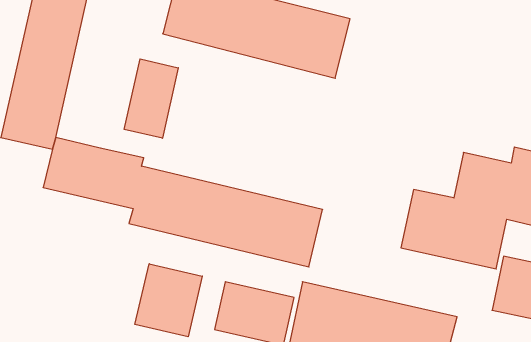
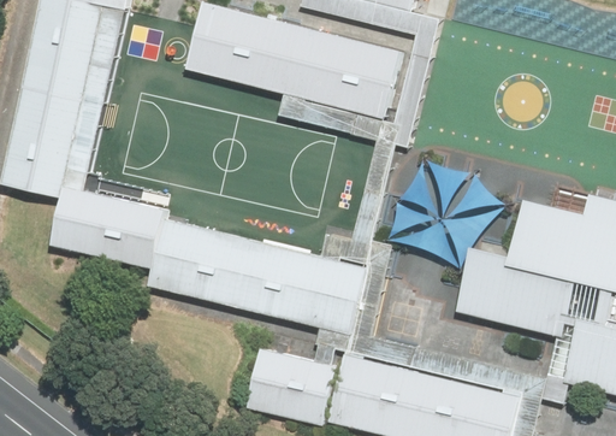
building: [124,59,178,138] -> none
building: [135,264,202,337] -> none

